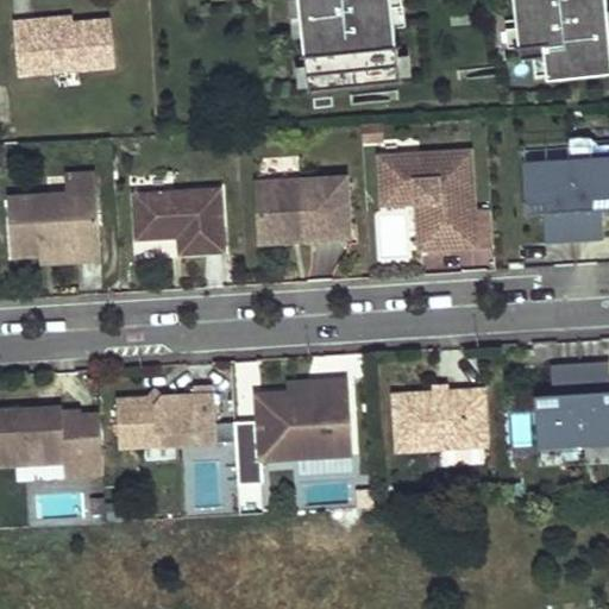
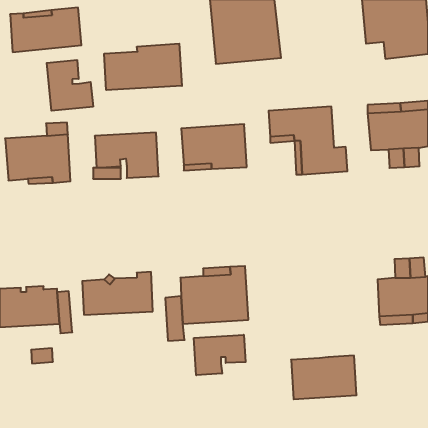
building: none -> [104,44,182,90]
building: none -> [47,60,93,111]
building: [394,388,486,450] -> [291,356,357,399]
building: none -> [194,335,246,375]

